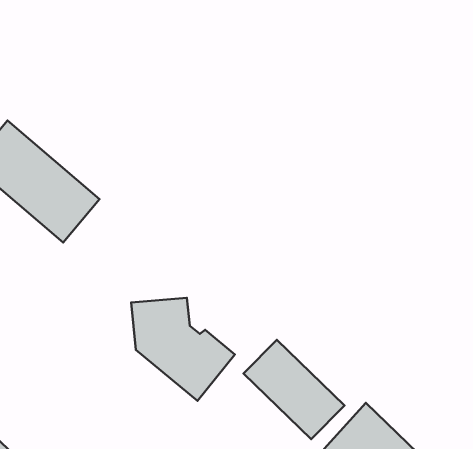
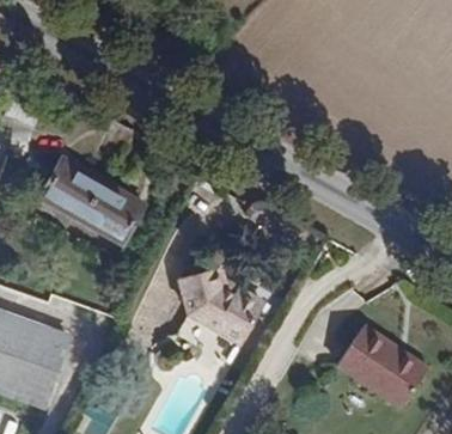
building: [244,340,345,439] -> none

